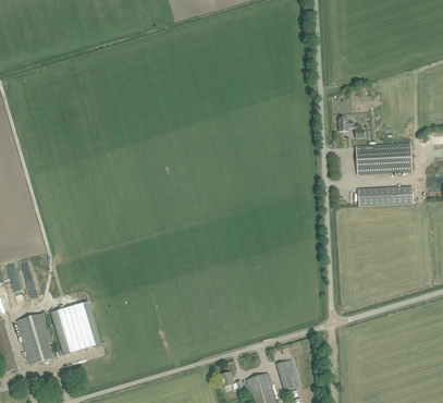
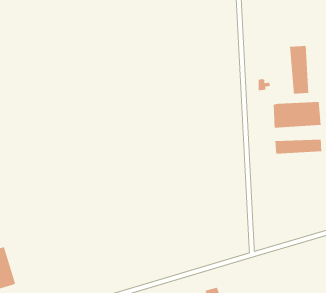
building: none -> [289,45,309,94]
building: [49,300,100,354] -> none

